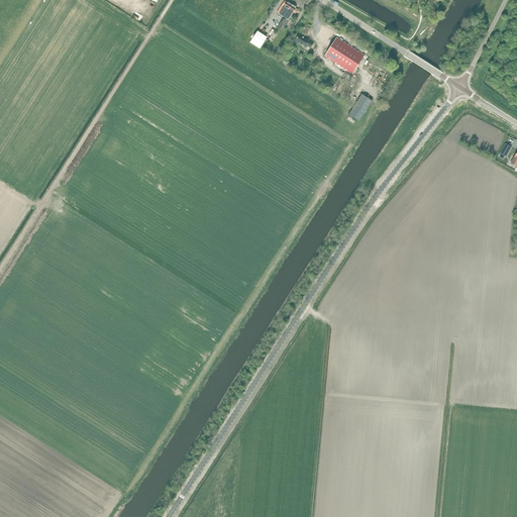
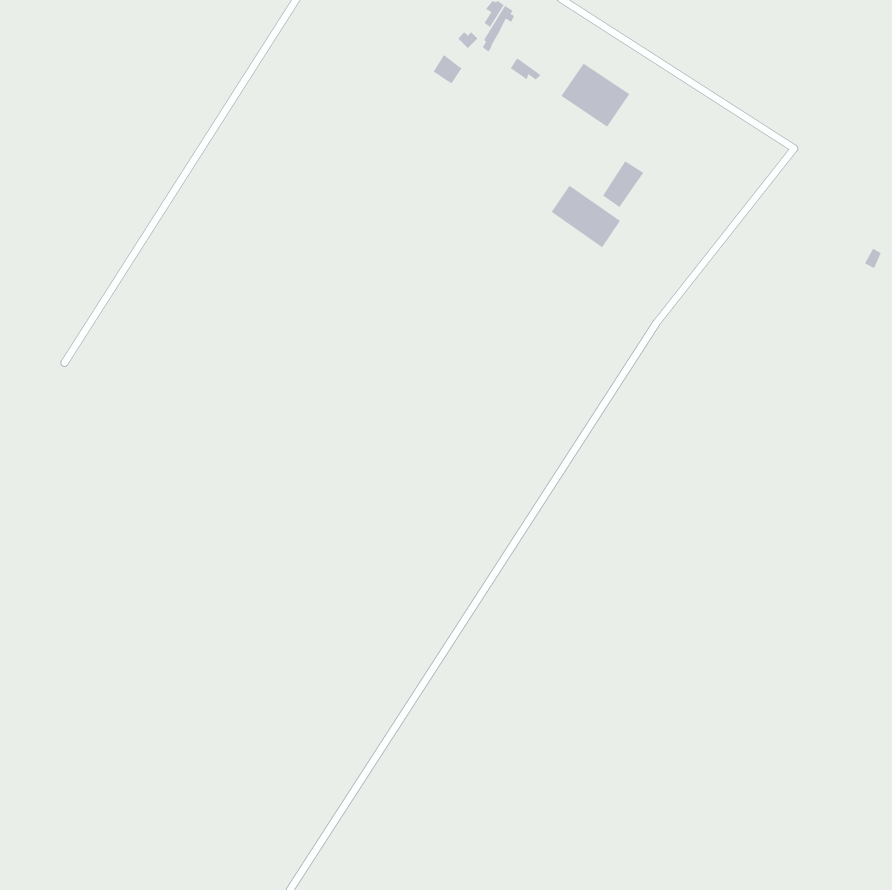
building: none -> [551,185,621,248]

